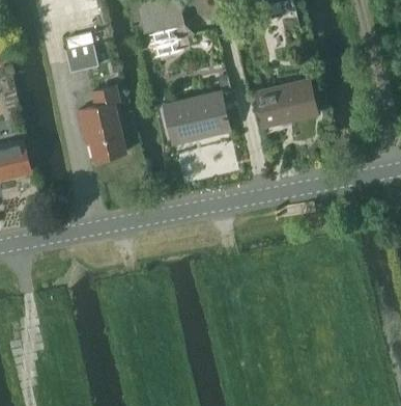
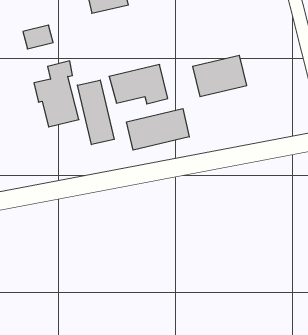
building: none -> [77,80,114,145]
building: none -> [127,109,189,150]

